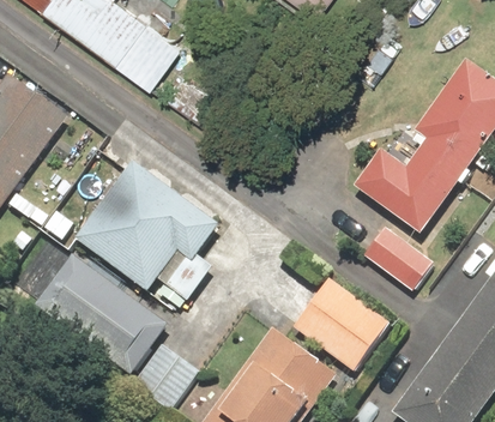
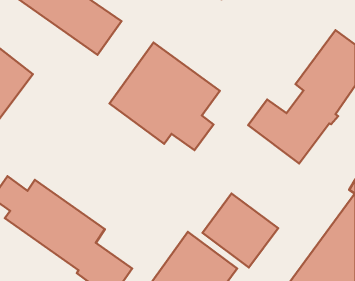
building: [76,158,221,300] -> [110,43,220,150]
building: [362,224,433,290] -> none

